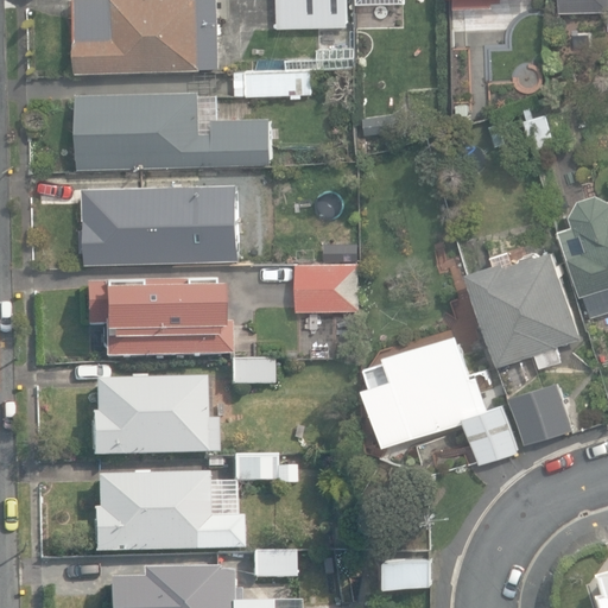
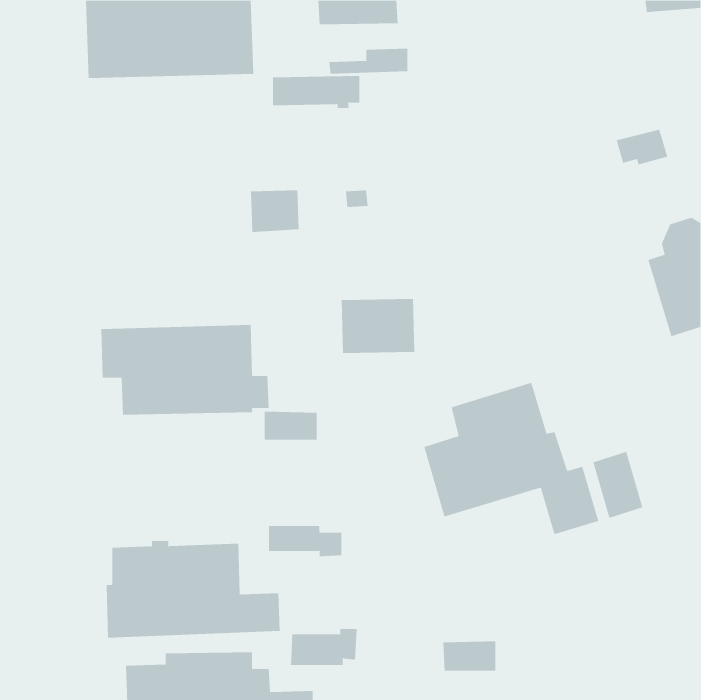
building: [76,88,270,167] -> none
building: [82,185,215,265] -> none
building: [470,247,581,366] -> none
building: [91,376,220,458] -> none

